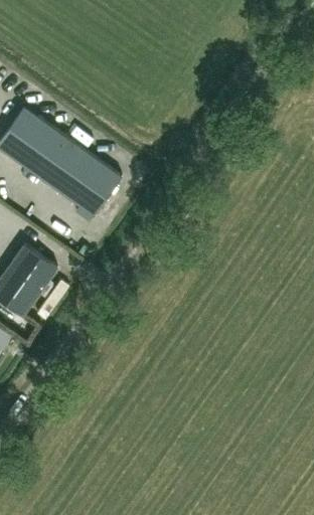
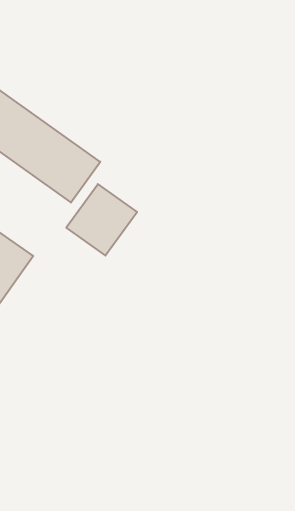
building: none -> [66,184,137,256]

